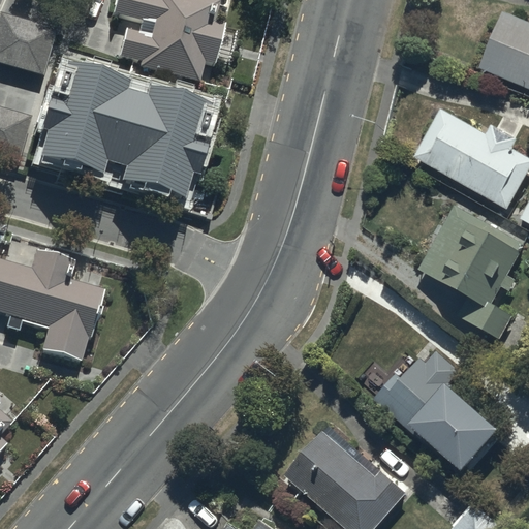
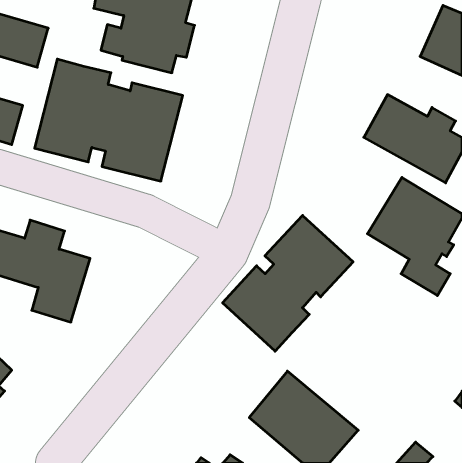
building: none -> [223,215,353,351]
building: [373,347,501,472] -> none

